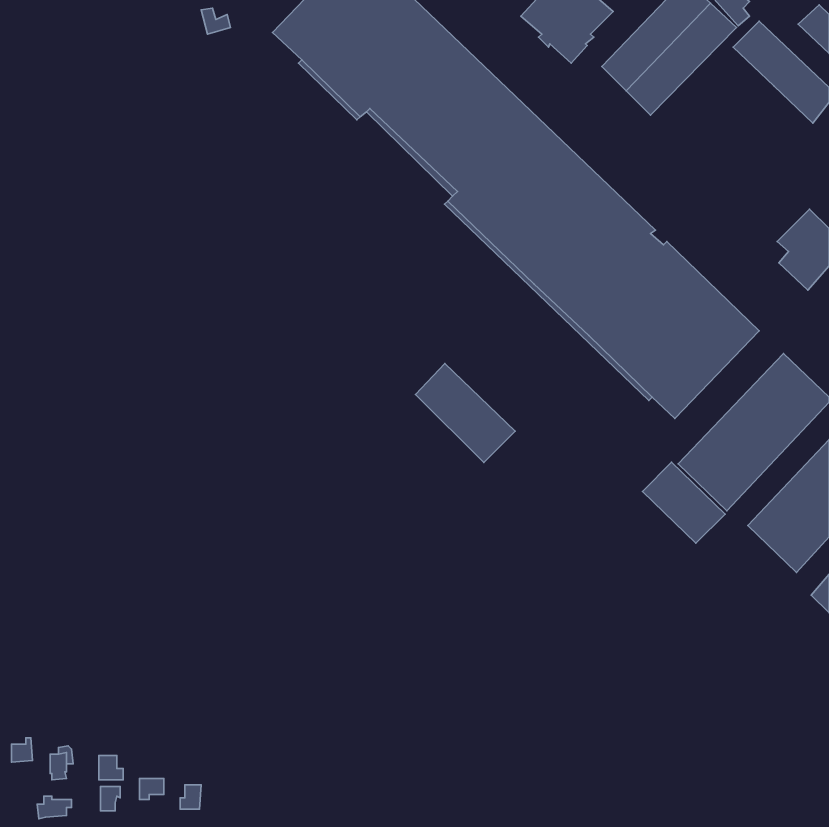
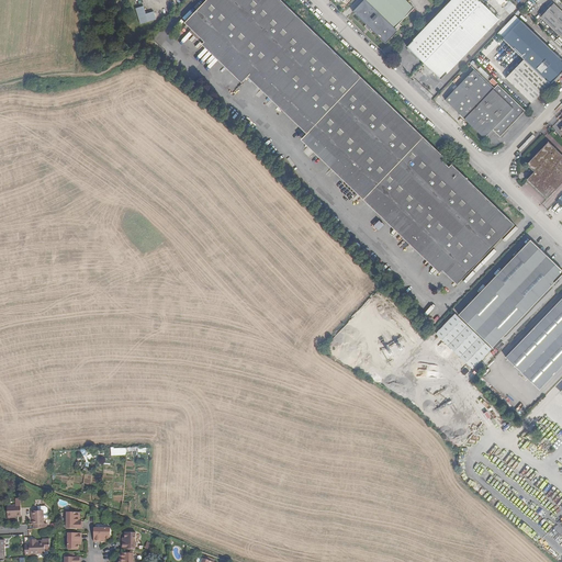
building: none -> [506,58,550,102]
building: none -> [445,69,525,137]
building: [415,364,515,462] -> none

